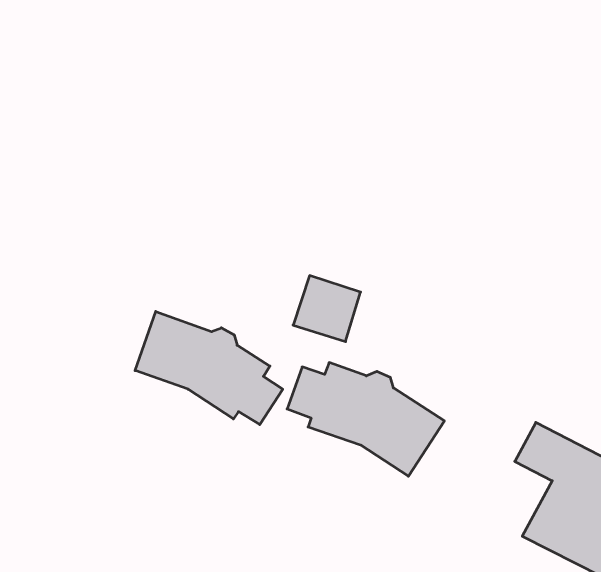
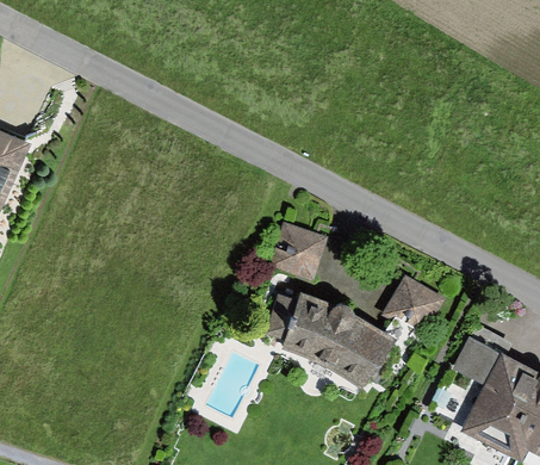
building: [135,311,283,425] -> none
building: none -> [386,275,443,331]

